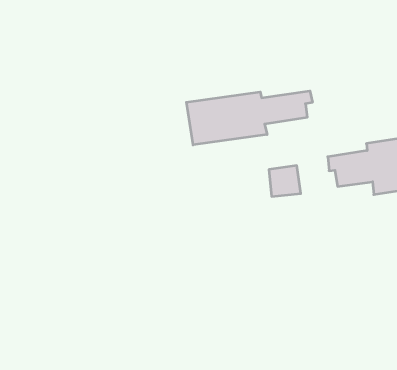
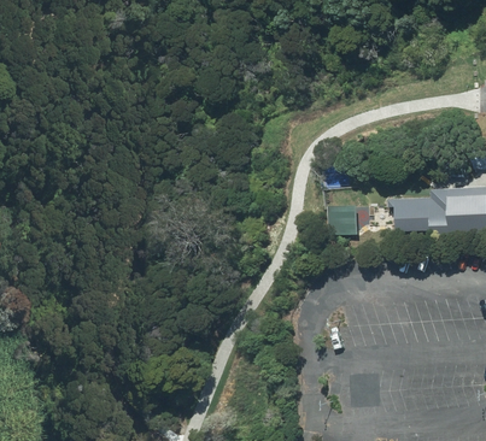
building: [186,91,312,145] -> none

